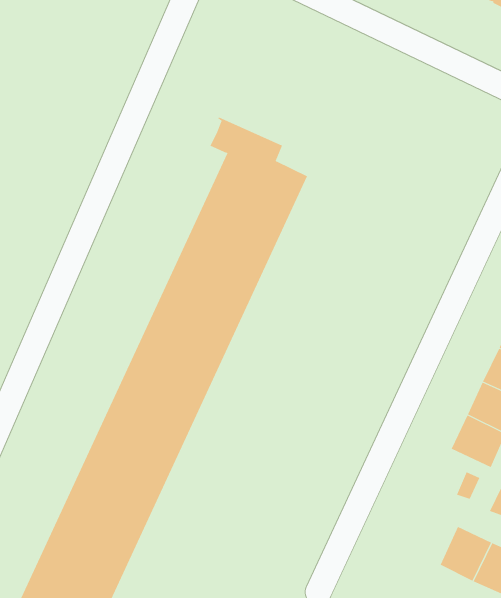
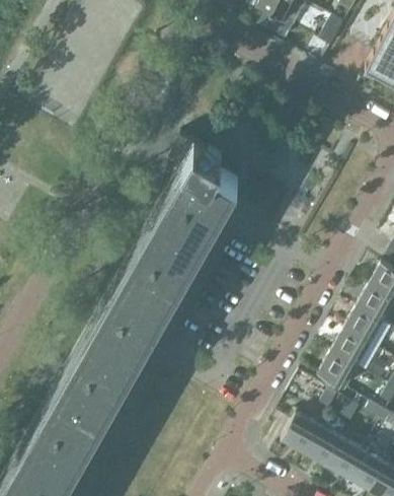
building: none -> [284,414,321,452]

